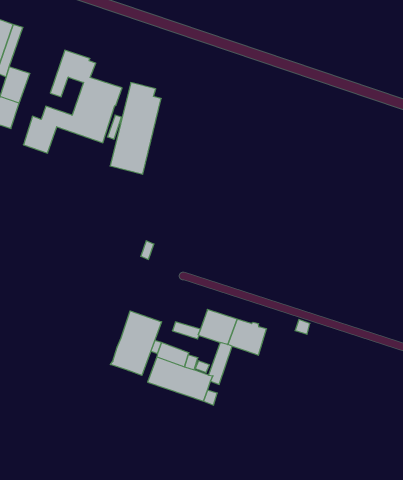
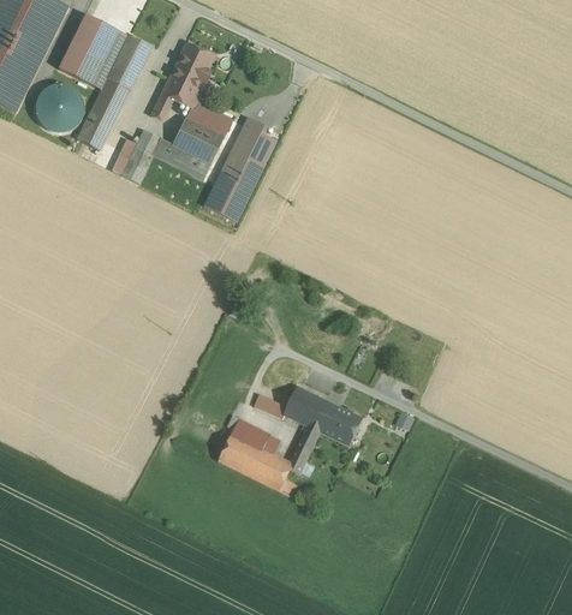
building: none -> [173,42,213,80]
building: none -> [107,35,150,89]
building: [110,311,162,375] -> none

